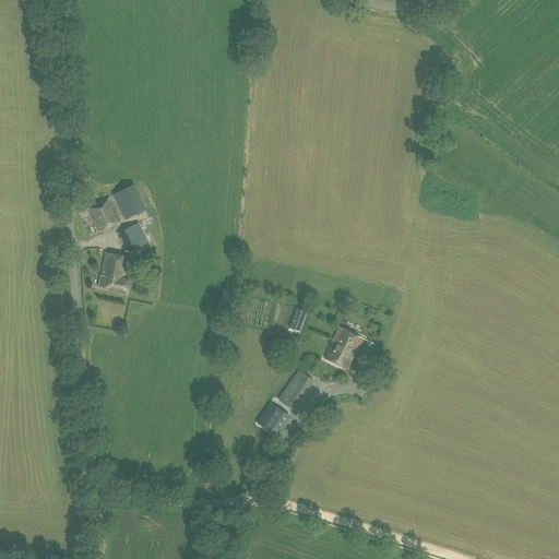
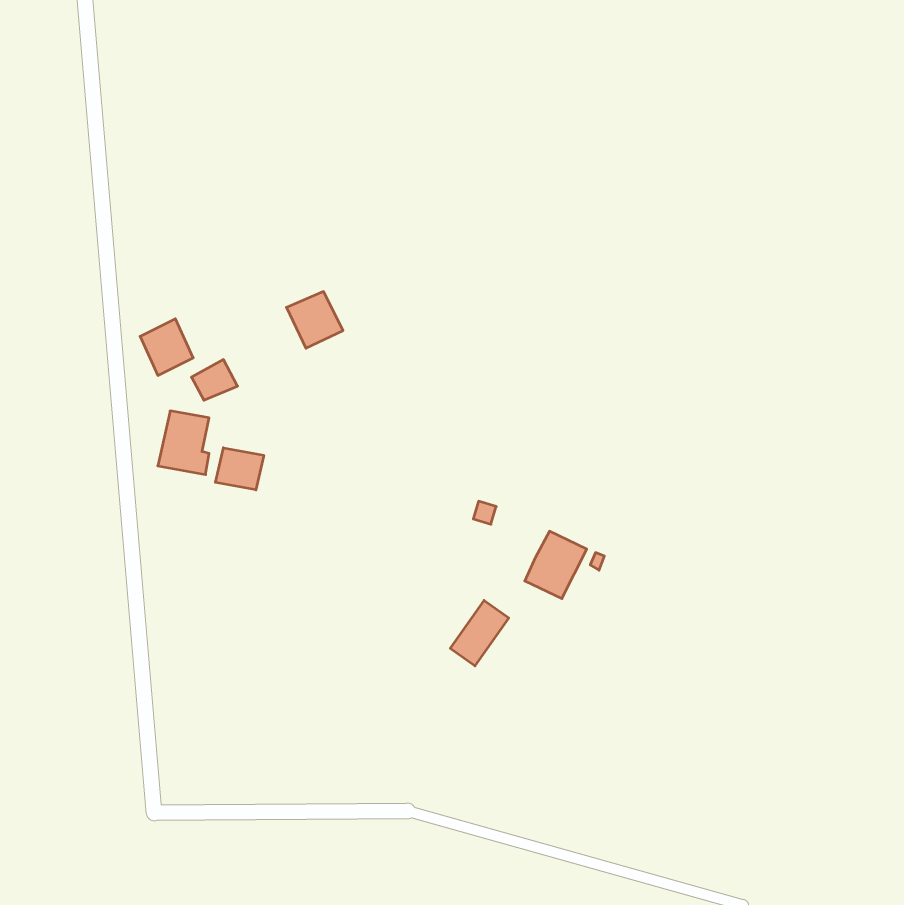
building: [111,185,146,219] -> [286,292,343,348]
building: none -> [215,448,264,490]
building: [255,403,288,436] -> none

